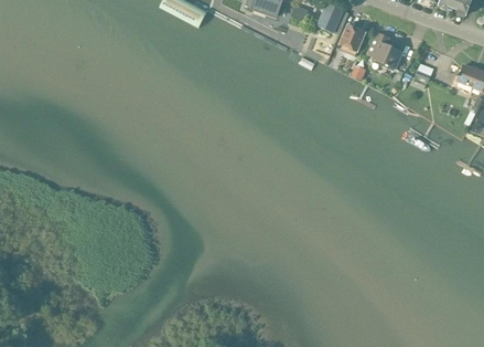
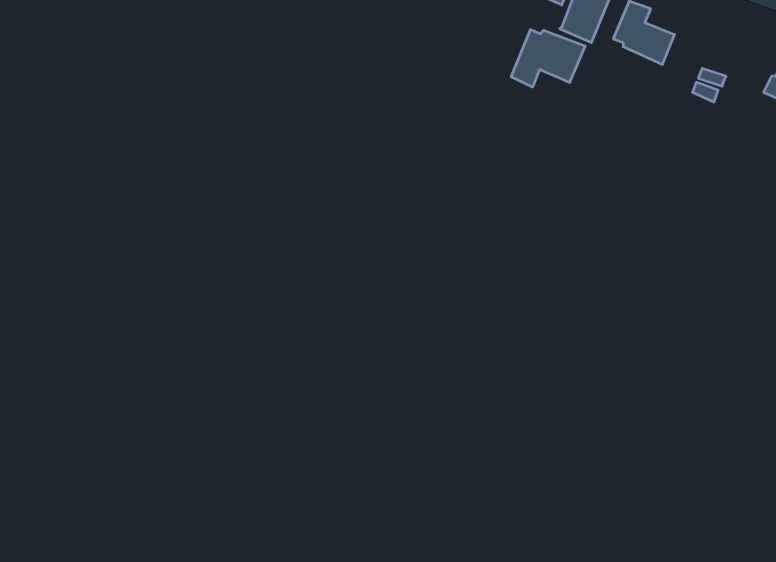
building: none -> [511,30,585,87]

